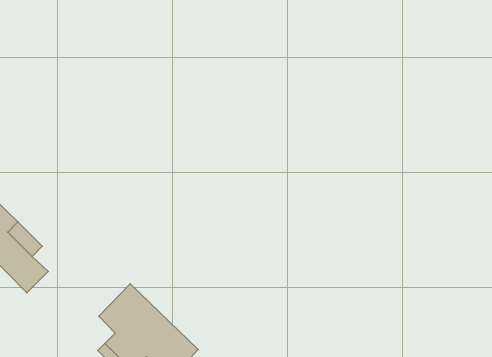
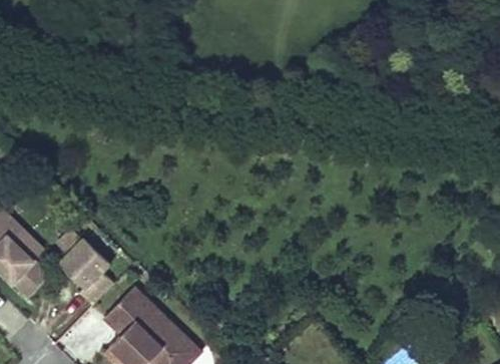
building: none -> [59,231,115,306]

